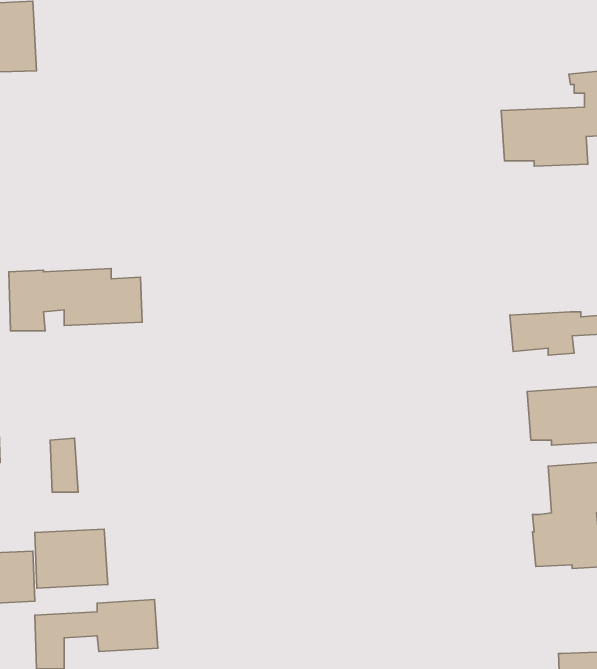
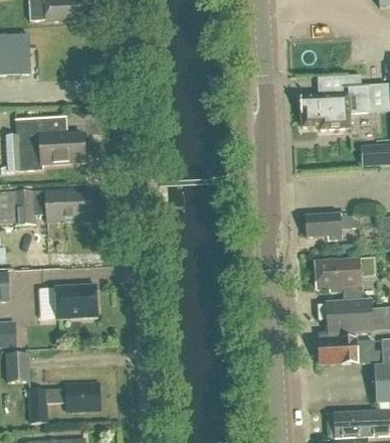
building: none -> [16,117,84,171]
building: [35,529,108,588] -> [56,284,99,318]

